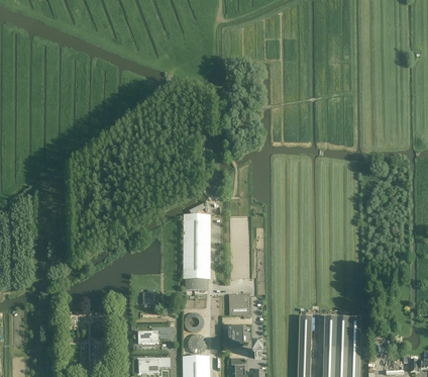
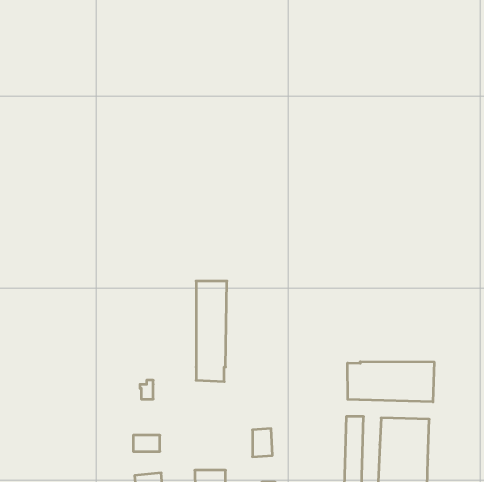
building: none -> [348,362,434,402]
building: [228,292,249,314] -> none

